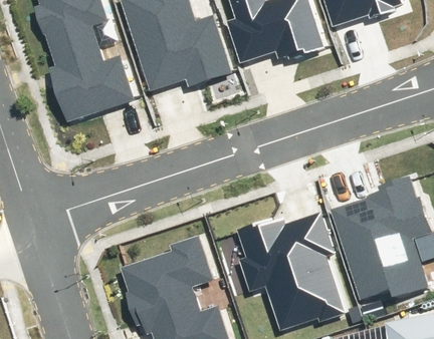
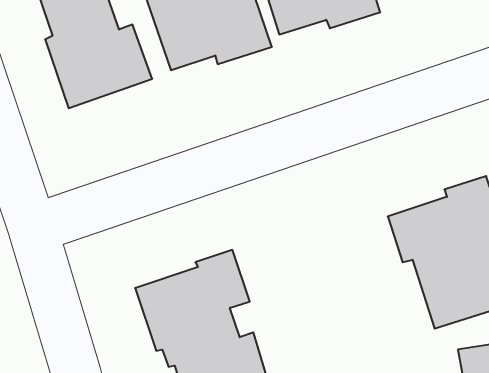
building: [236,213,344,331] -> none

